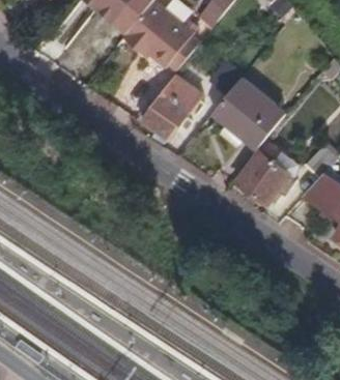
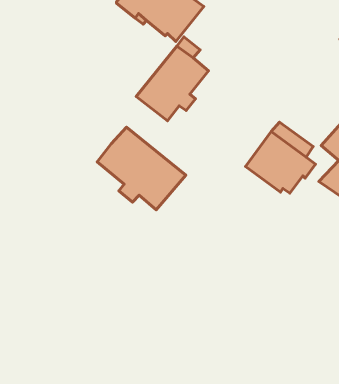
building: [211,84,277,146] -> none
building: none -> [97,127,186,210]

